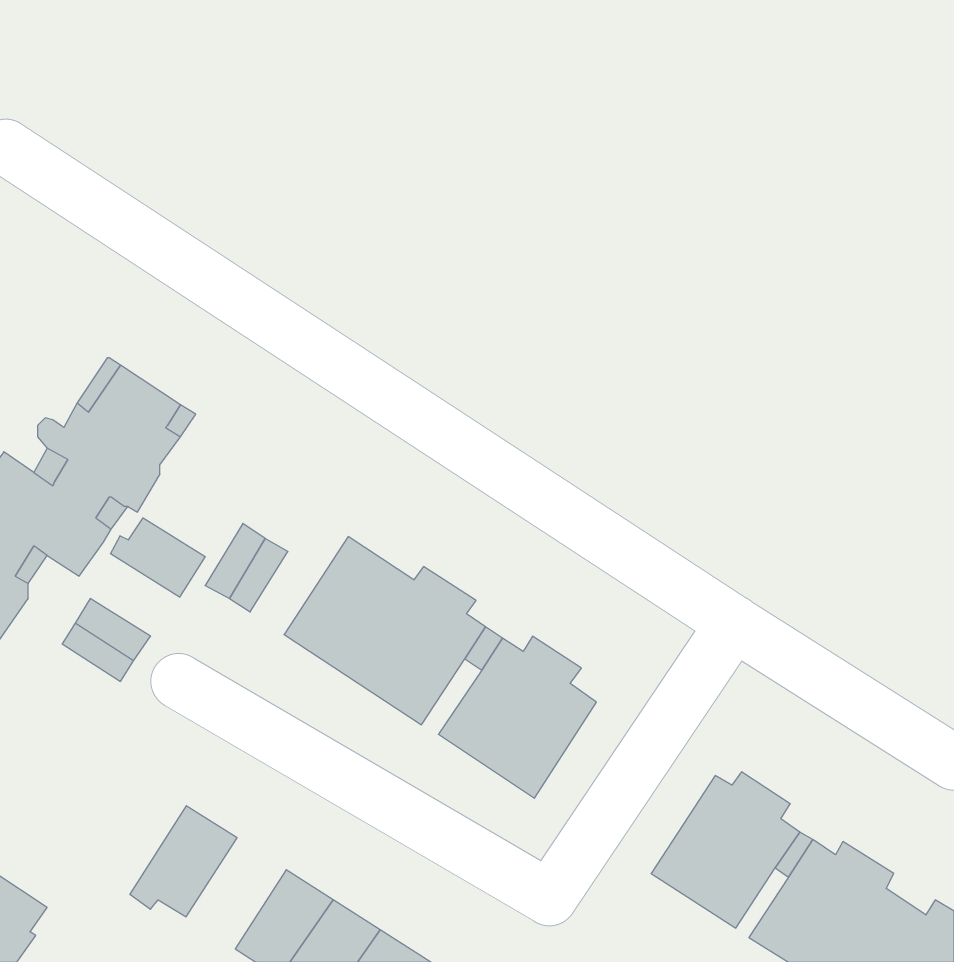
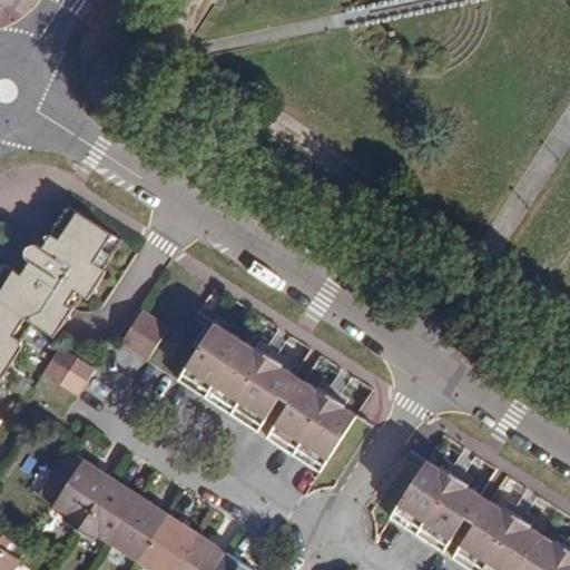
building: [110,518,205,597] -> none
building: none -> [33,446,110,529]
building: none -> [110,495,169,561]

